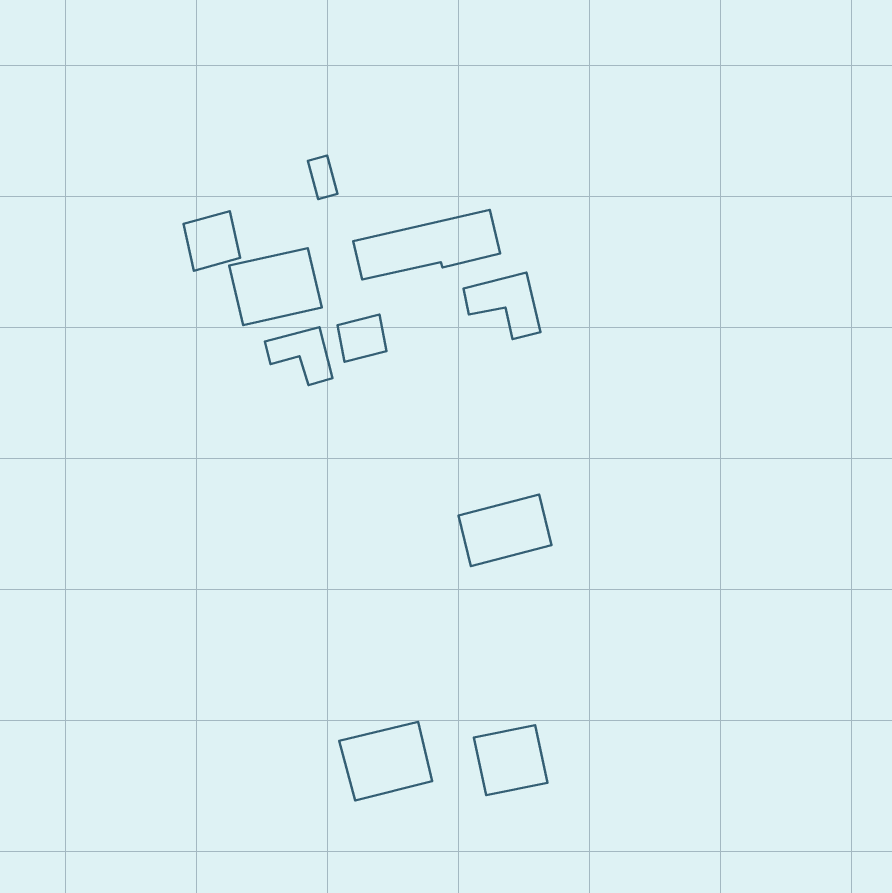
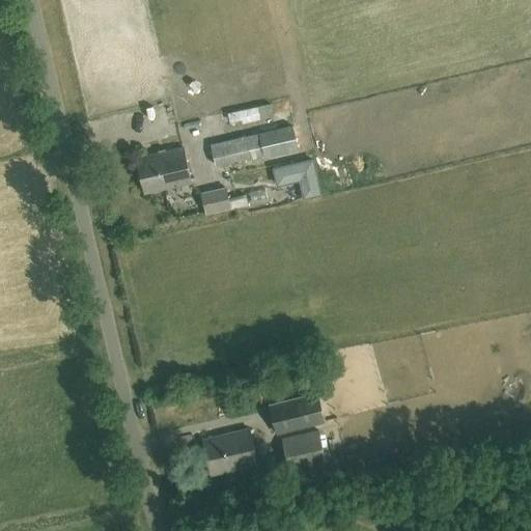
building: [183,211,240,271] -> none
building: [265,327,332,385] -> none
building: [459,494,551,566] -> [269,392,324,435]

